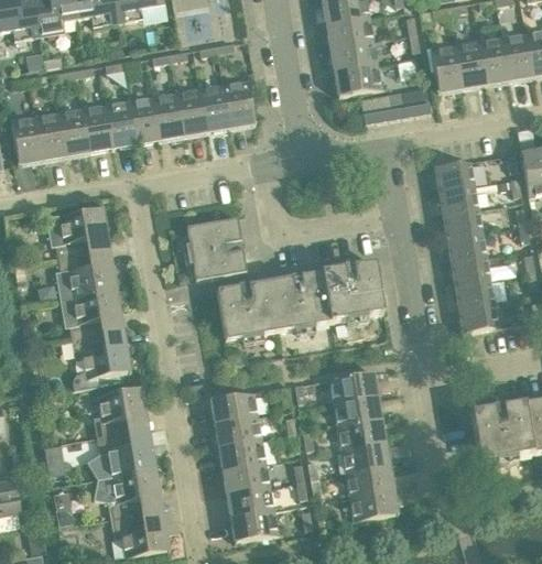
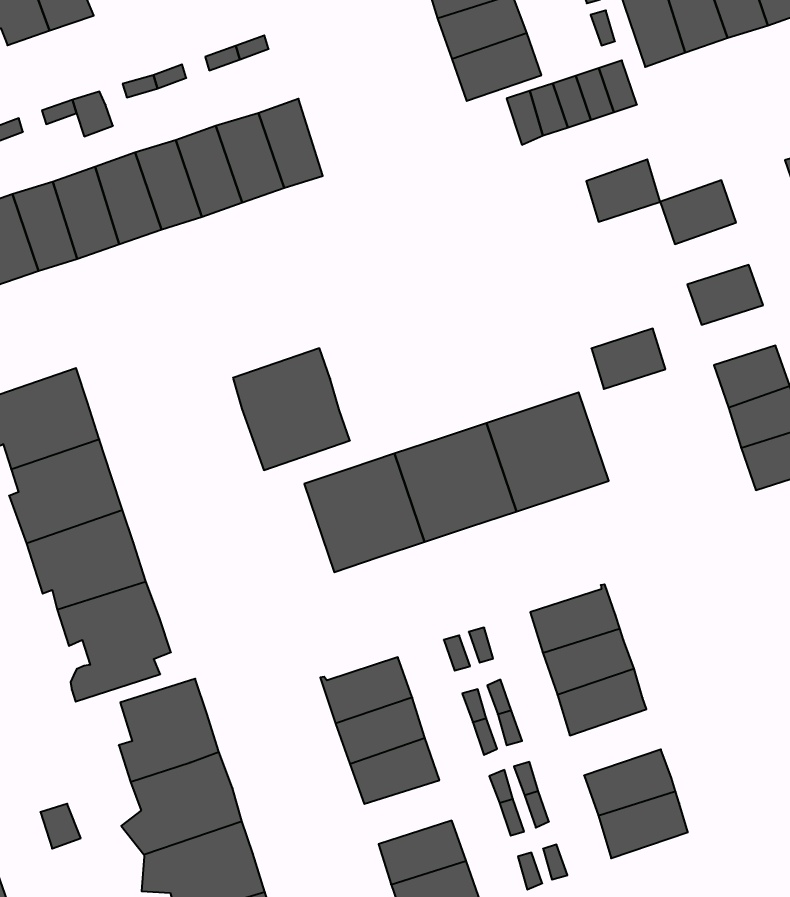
building: [440,184,478,214] -> [586,159,660,222]
building: [447,231,486,260] -> [591,329,665,389]
building: [340,442,389,473] -> none
building: [223,463,269,492] -> none

